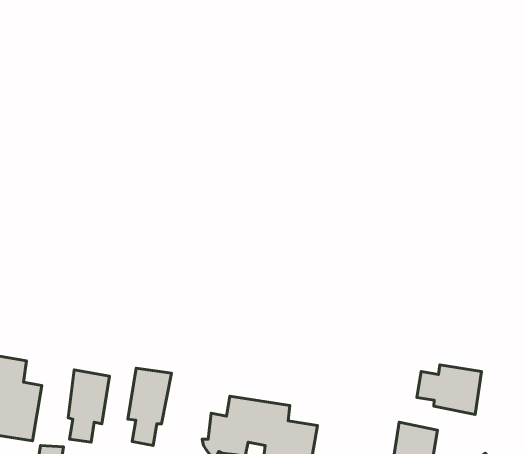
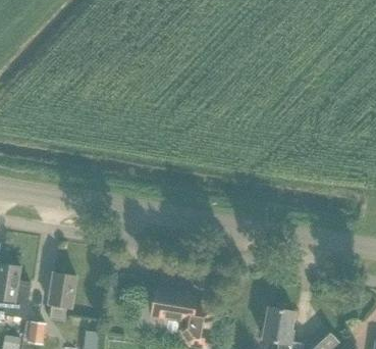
building: [417,365,481,414] -> none
building: [128,368,171,445] -> none

